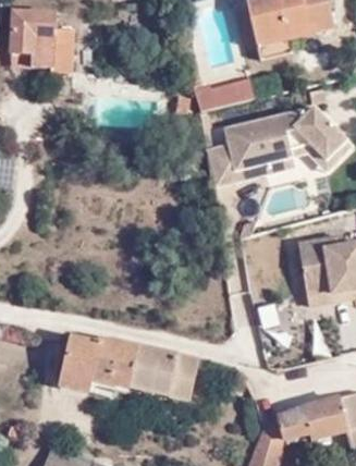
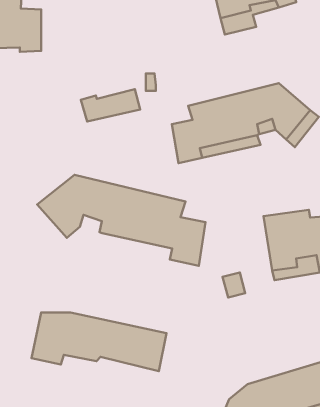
building: [192,75,251,108] -> [81,89,140,122]
building: none -> [37,175,206,266]

